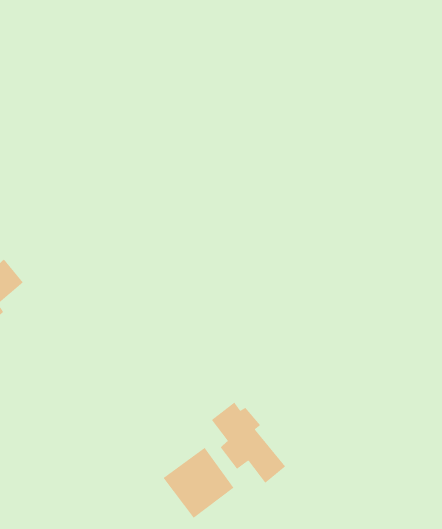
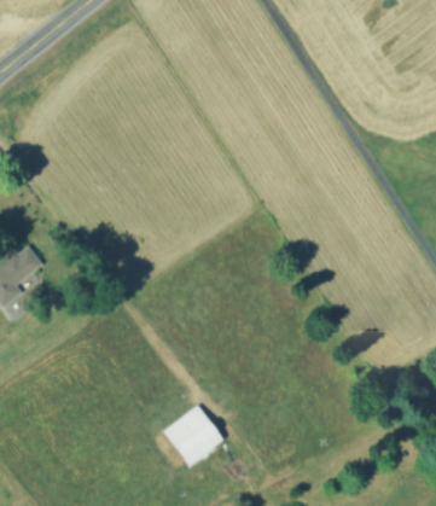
building: [211,402,286,484] -> none

